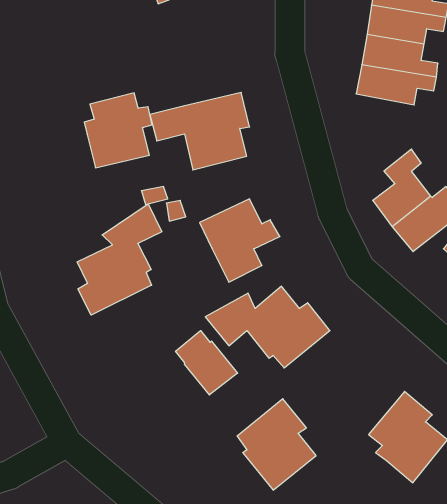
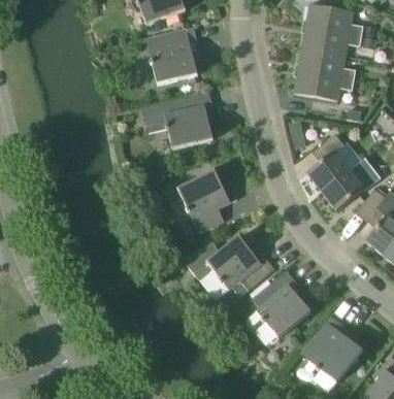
building: [84,93,152,168] -> [149,29,199,85]
building: [77,204,162,315] -> none
building: [176,331,238,395] -> none
building: [237,399,316,490] -> [252,270,310,338]

